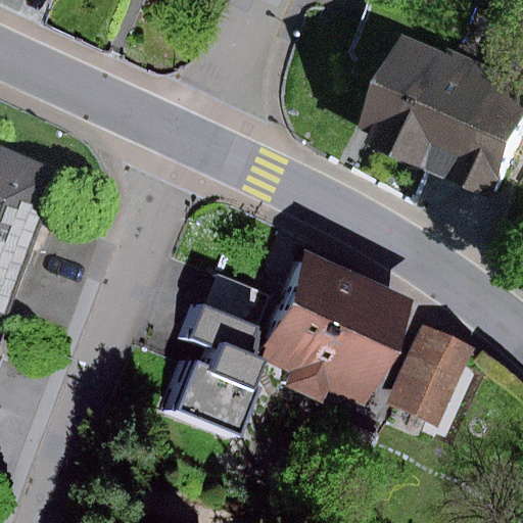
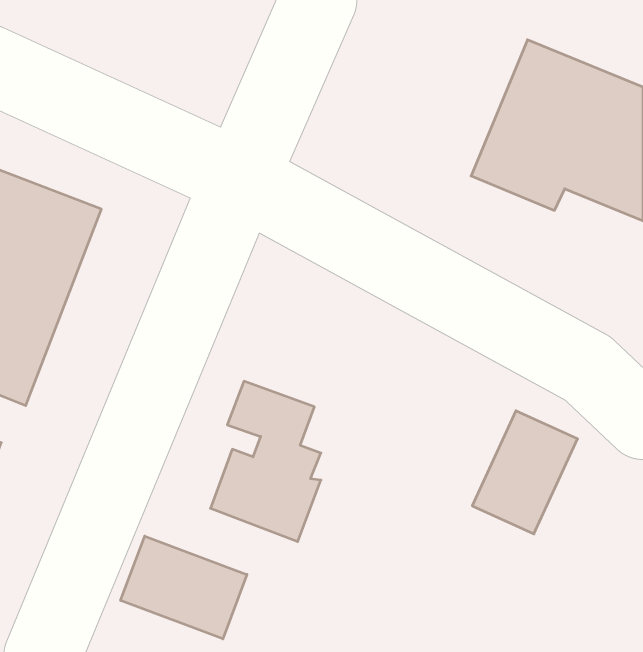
building: [258,270,396,401] -> none
building: none -> [121,536,247,639]

